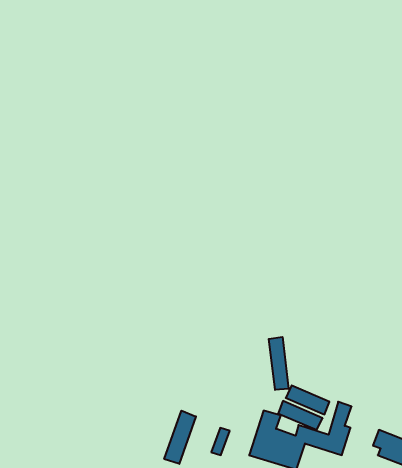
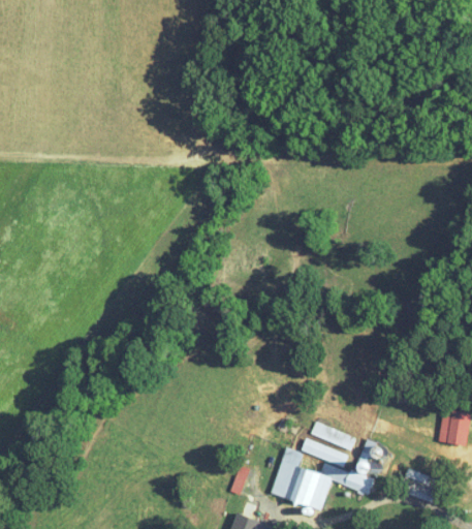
building: [269,337,289,390] -> none
building: [164,411,196,464] -> none

